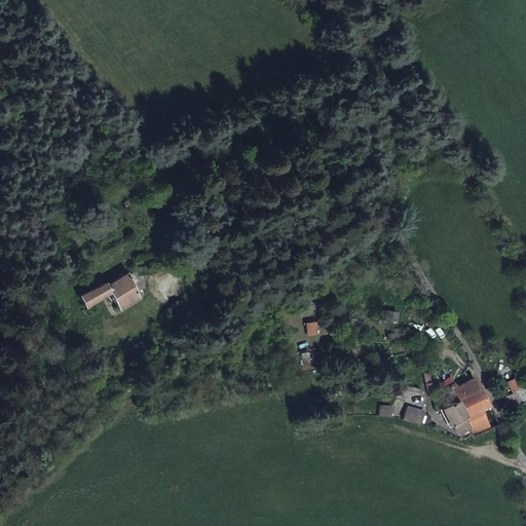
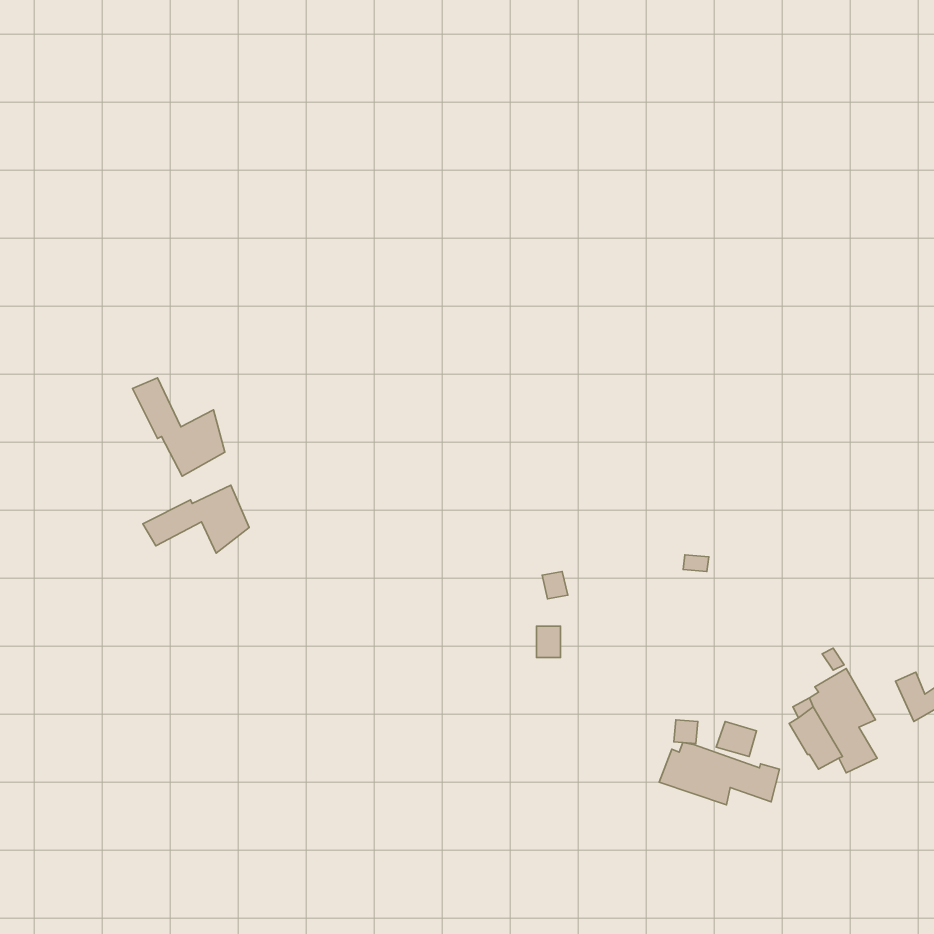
building: none -> [132,378,225,476]
building: none -> [659,742,779,805]

